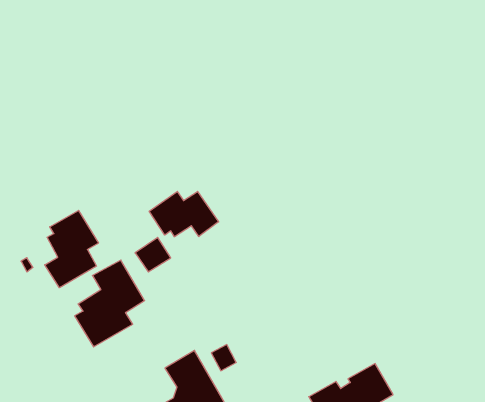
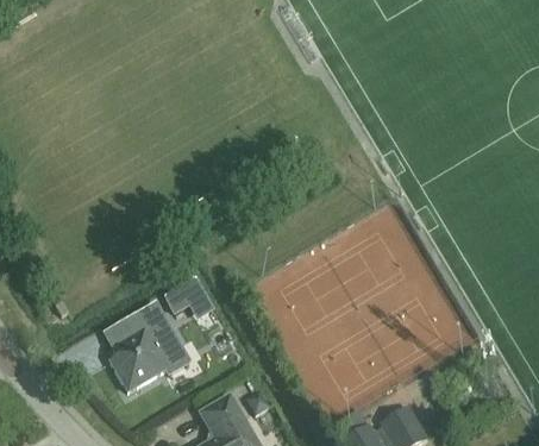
building: [149,191,219,237] -> none
building: [45,210,98,288] -> none

